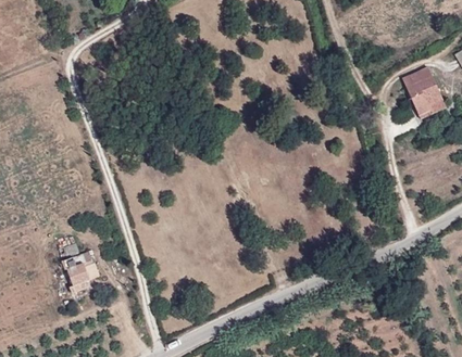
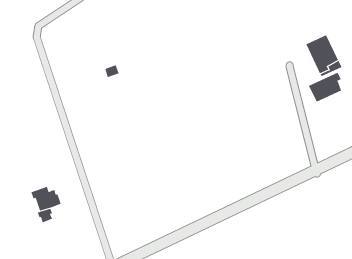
building: none -> [308,72,342,103]

